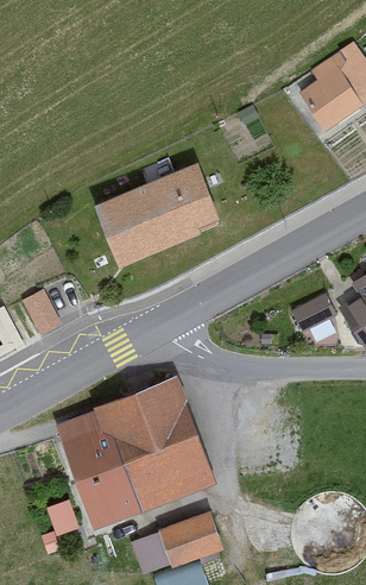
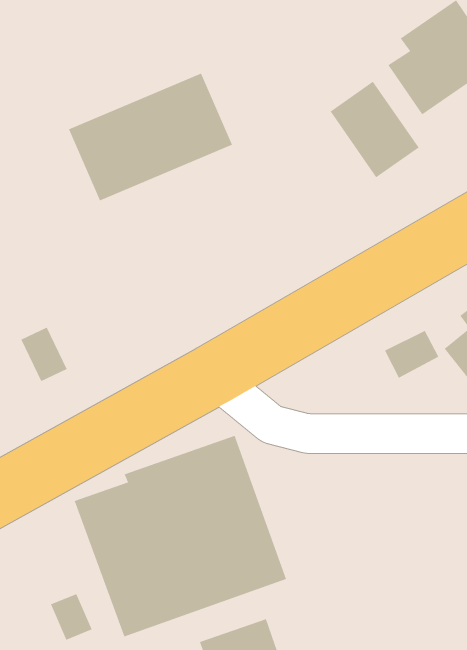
building: none -> [330,81,419,178]
building: [92,166,216,264] -> [68,73,233,201]

